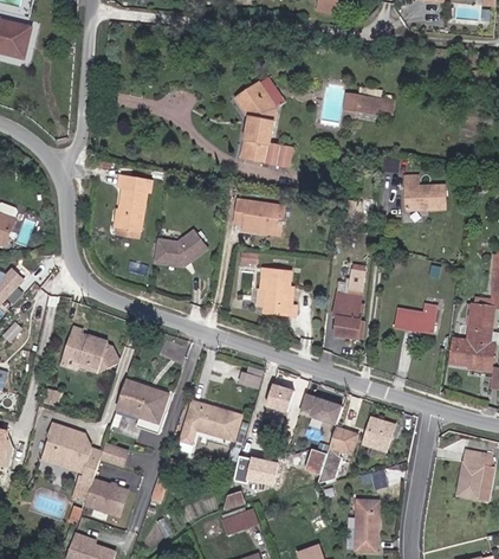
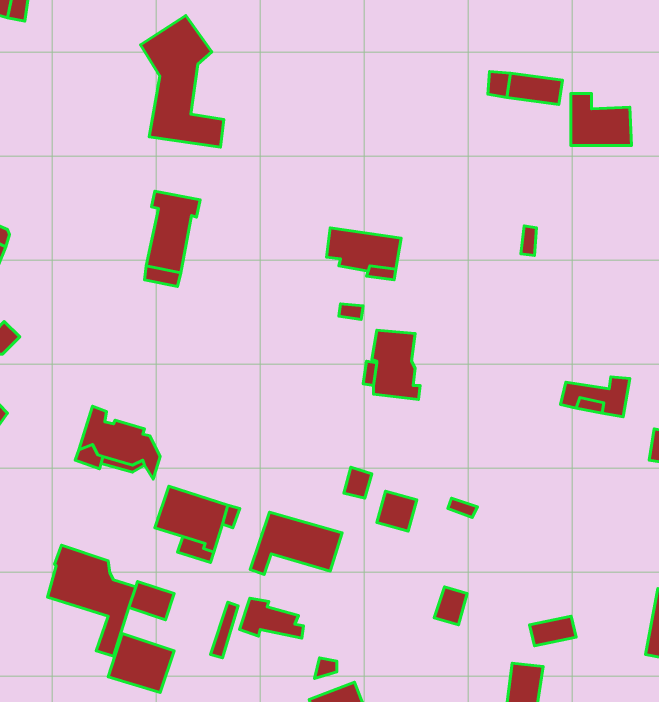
building: [238,79,294,169] -> [141,15,224,147]
building: [404,175,446,211] -> [571,93,631,145]
building: [151,230,203,264] -> none
building: [336,266,365,335] -> none
building: [302,393,343,422] -> none
building: [363,415,397,449] -> none
building: [320,429,357,482] -> none
building: [235,456,279,483] -> [239,598,304,638]

